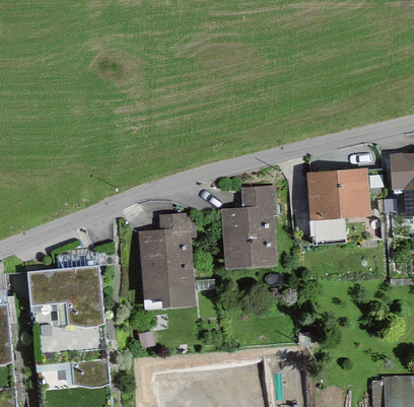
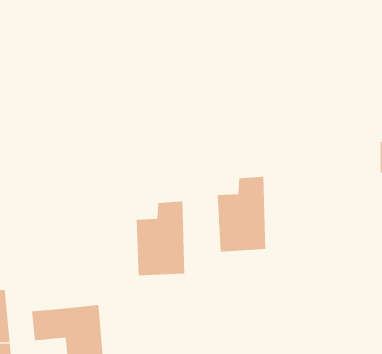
building: [307,173,366,219] -> none
building: [27,268,102,326] -> none

